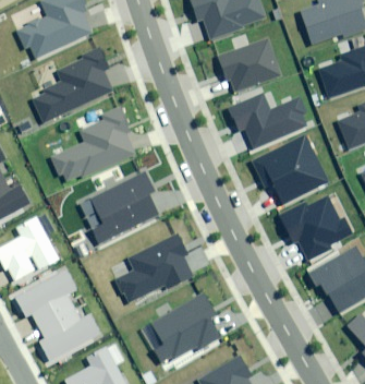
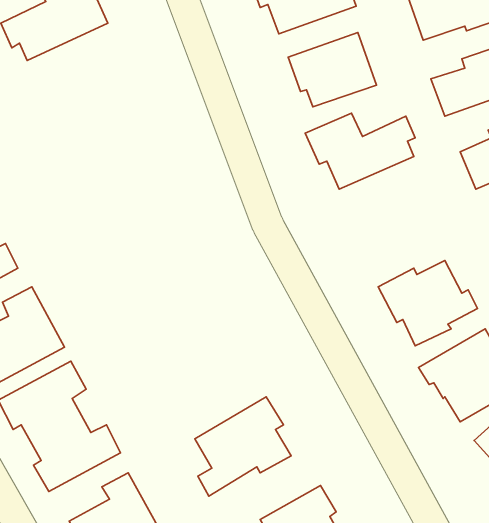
building: [32,47,111,122] -> none
building: [51,108,131,180] -> none
building: [251,135,327,202] -> none
building: [78,170,157,242] -> none
building: [114,235,190,300] -> none

